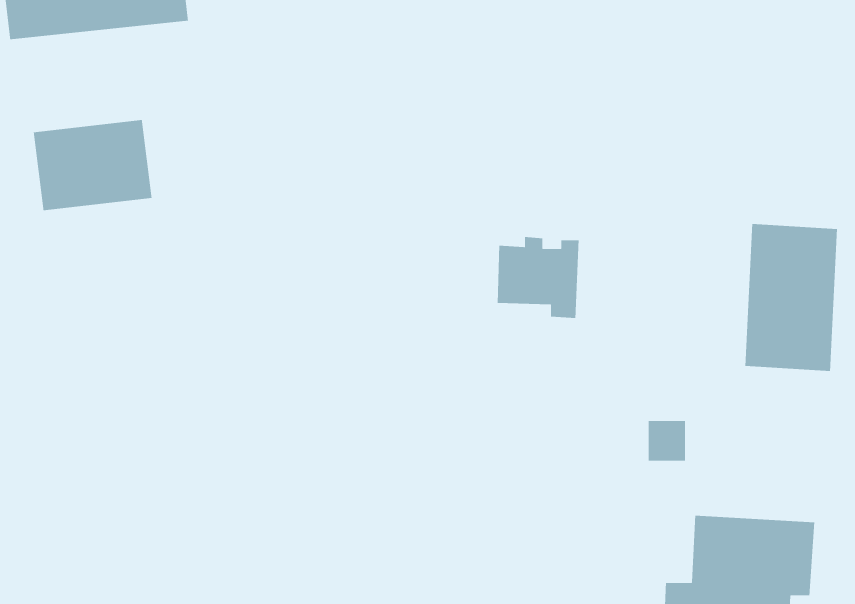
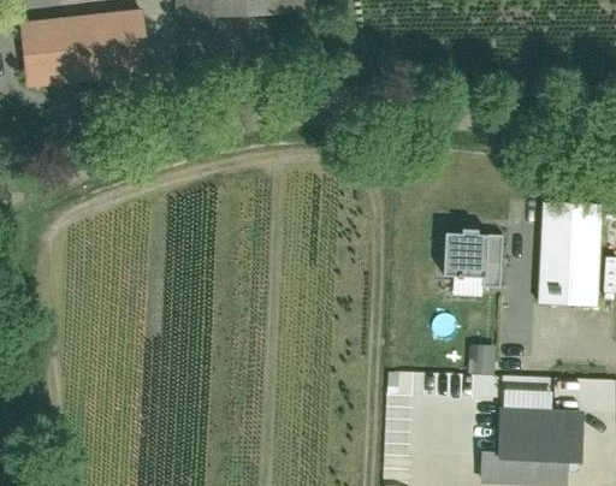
building: [33,119,152,211] -> none
building: [497,236,580,319] -> [444,232,502,290]

